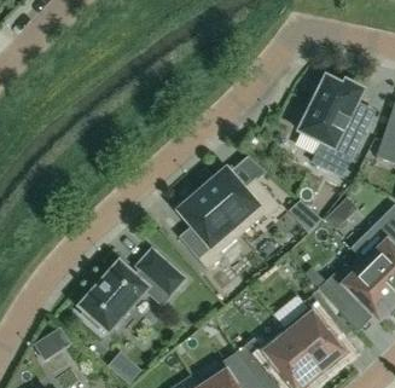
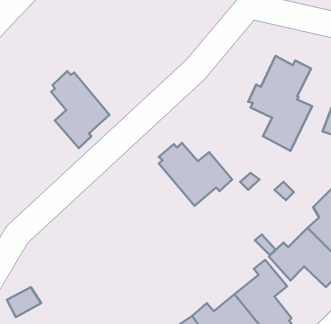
building: [179,189,240,270] -> [51,71,110,148]
building: [80,248,184,329] -> none

